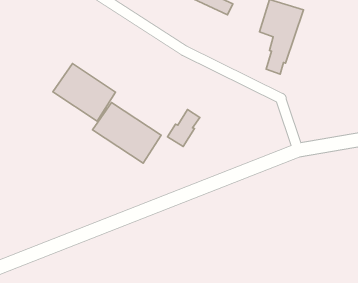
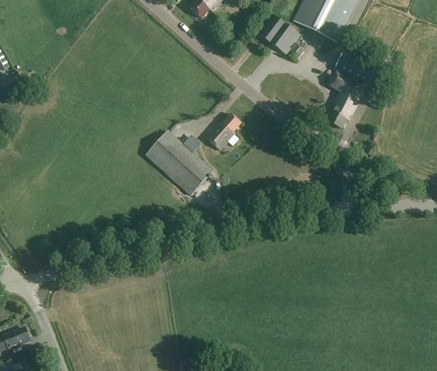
building: [53,63,116,121] -> none
building: [167,109,200,146] -> [205,112,241,149]

